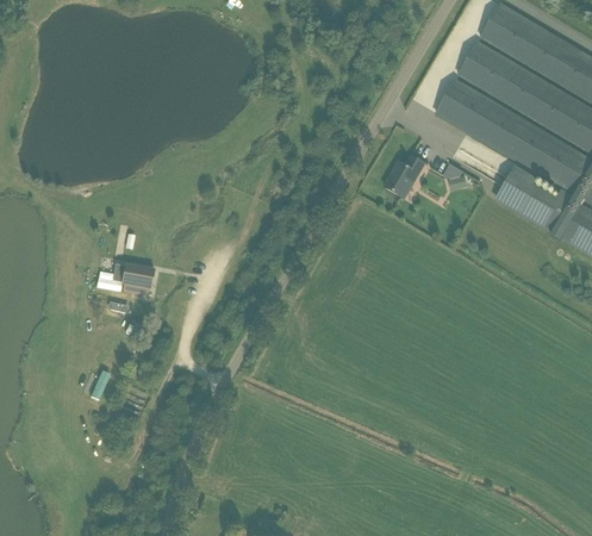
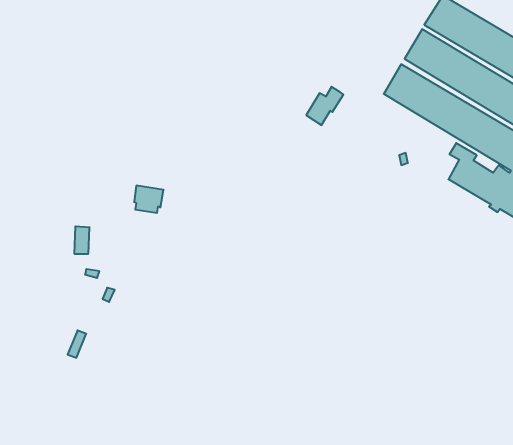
building: [384,154,424,195] -> [306,87,343,125]
building: [120,263,152,293] -> [134,186,164,213]

